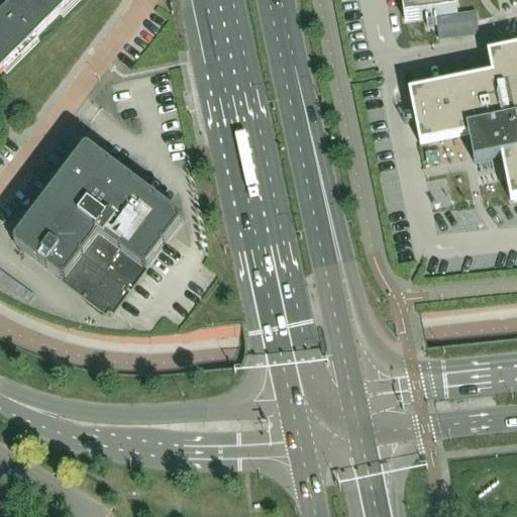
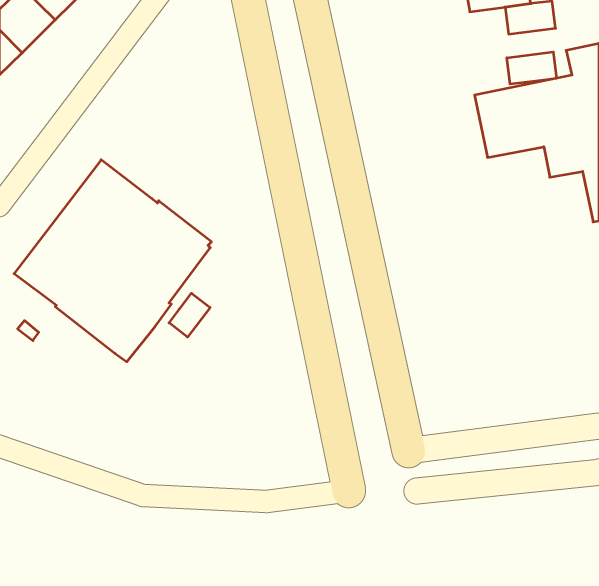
building: none -> [507,52,556,84]
building: none -> [169,293,210,337]

